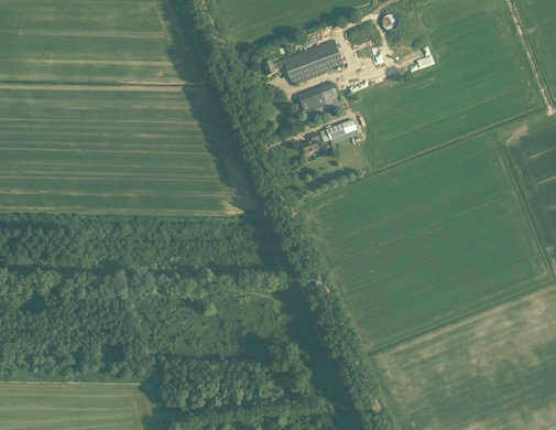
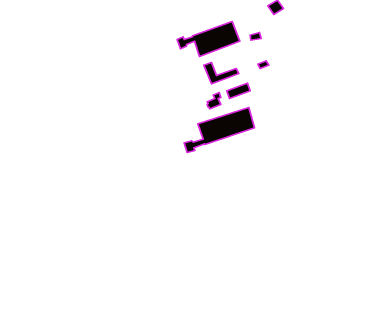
building: none -> [184,108,255,153]

